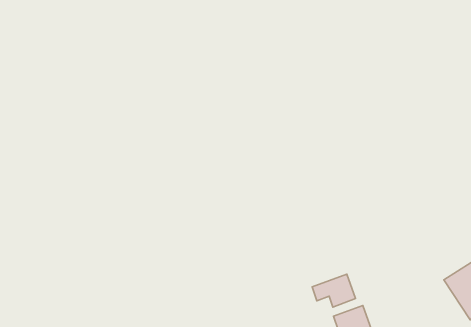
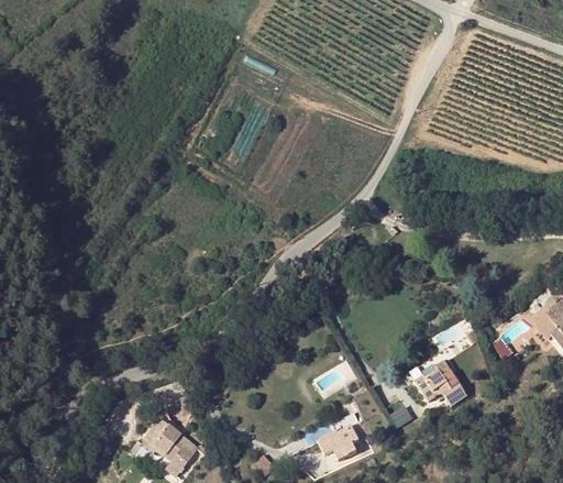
building: [312,274,356,307] -> none

